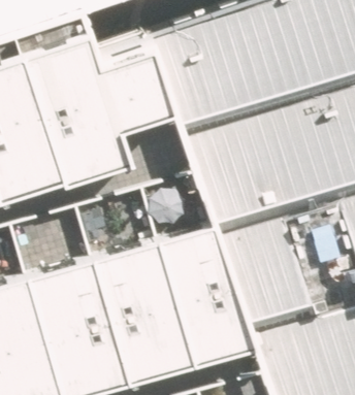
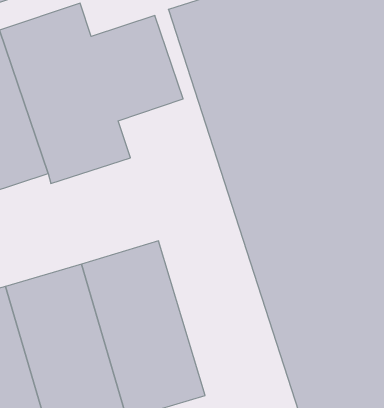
building: [149,206,241,352] -> none

